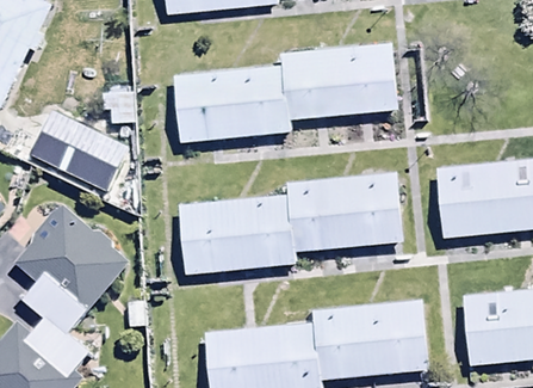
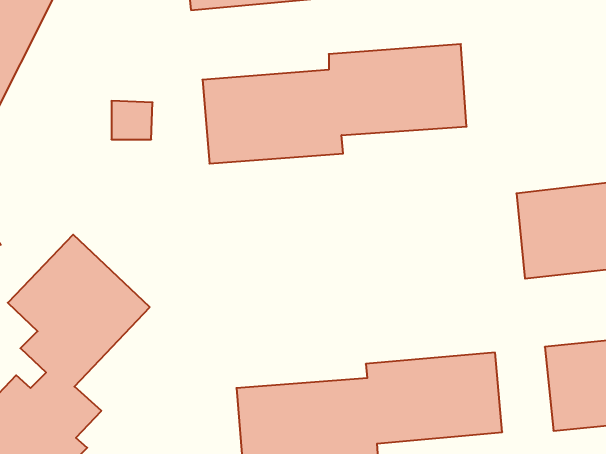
building: [39,116,132,213] -> none
building: [180,173,402,275] -> none

